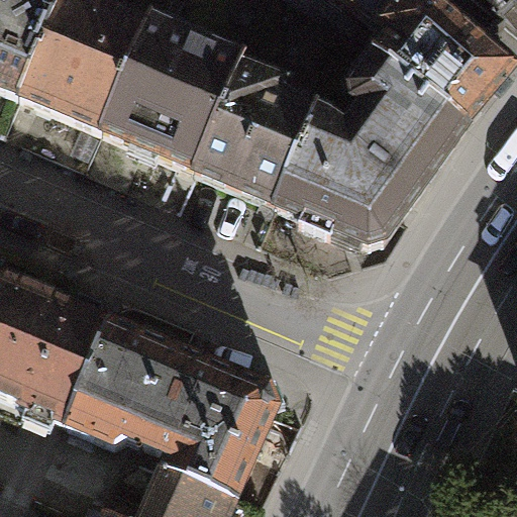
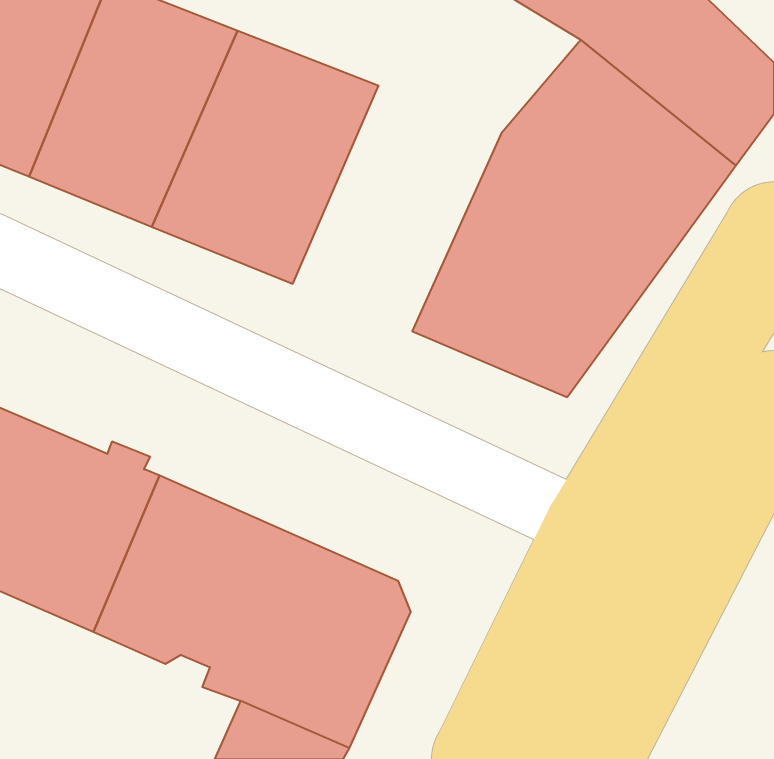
building: [193,57,330,218] -> none

